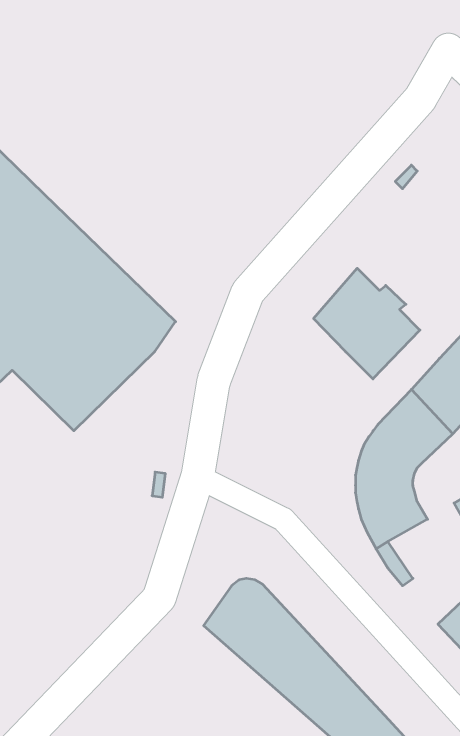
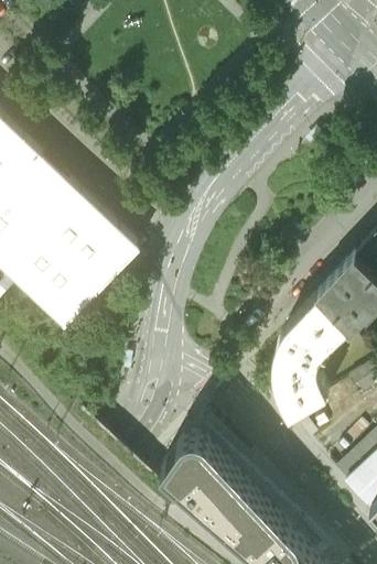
building: [314,268,420,379] -> none

